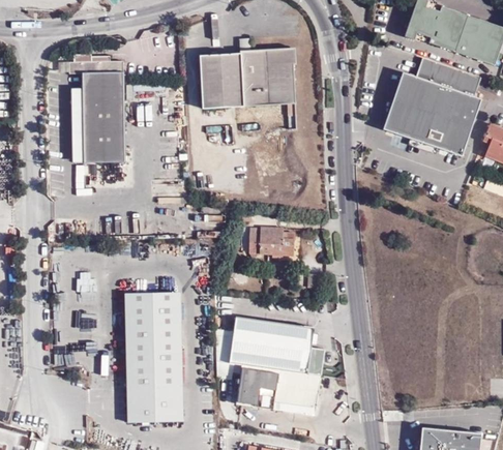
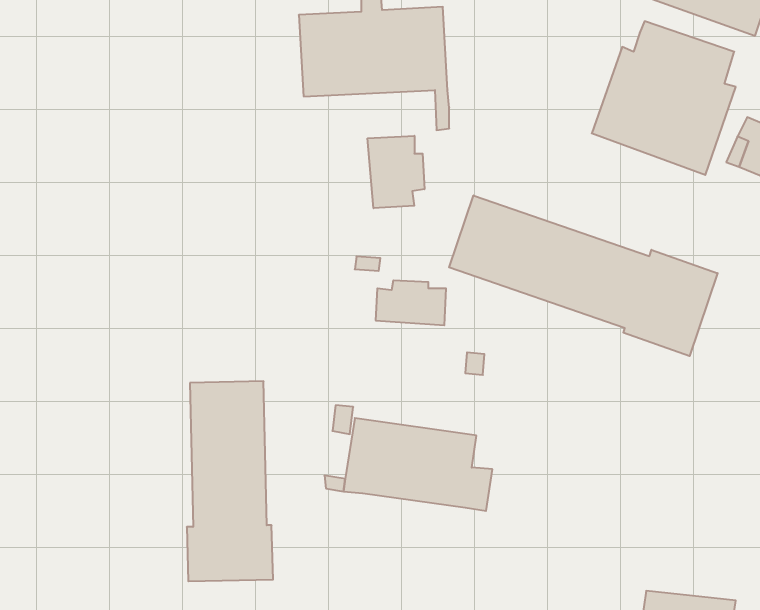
building: [68,53,125,161] -> none
building: none -> [368,136,424,208]
building: none -> [449,195,718,356]
building: [235,363,320,414] -> none

